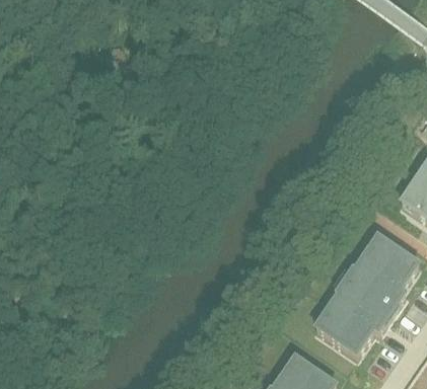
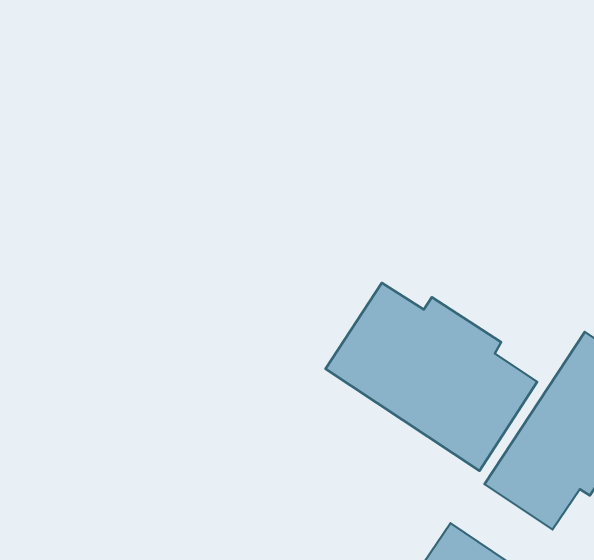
building: none -> [326,283,537,471]

